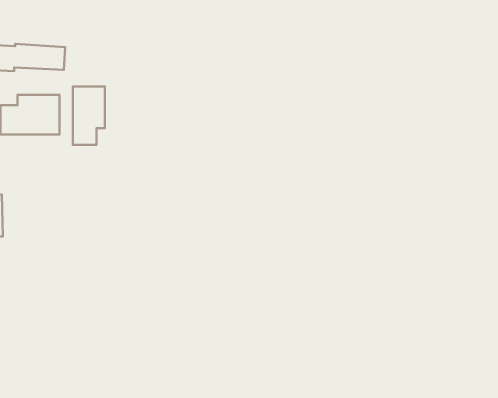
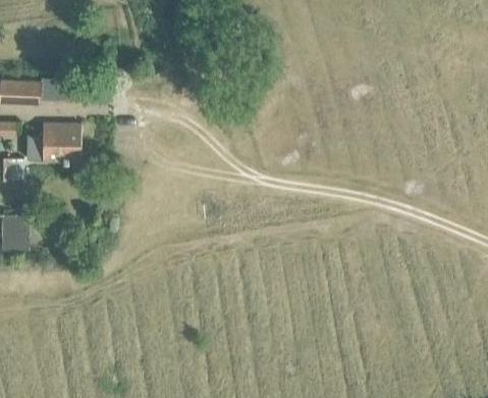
building: [73,87,105,145] -> none

